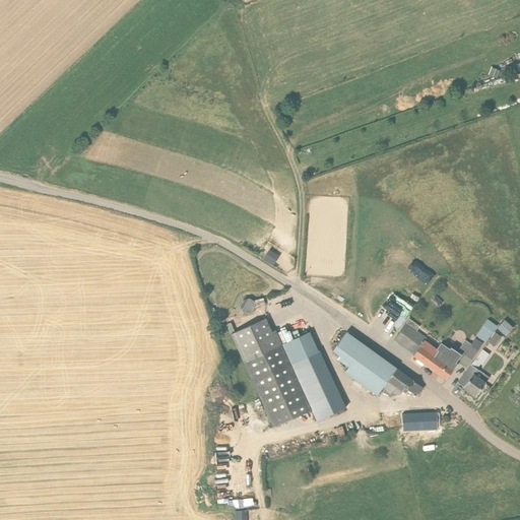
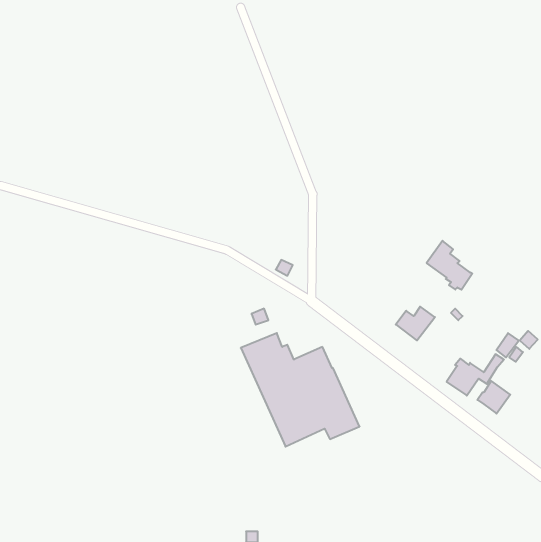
building: [395,319,439,366] -> [427,241,472,290]
building: [333,332,424,397] -> none
building: [402,412,438,432] -> none

